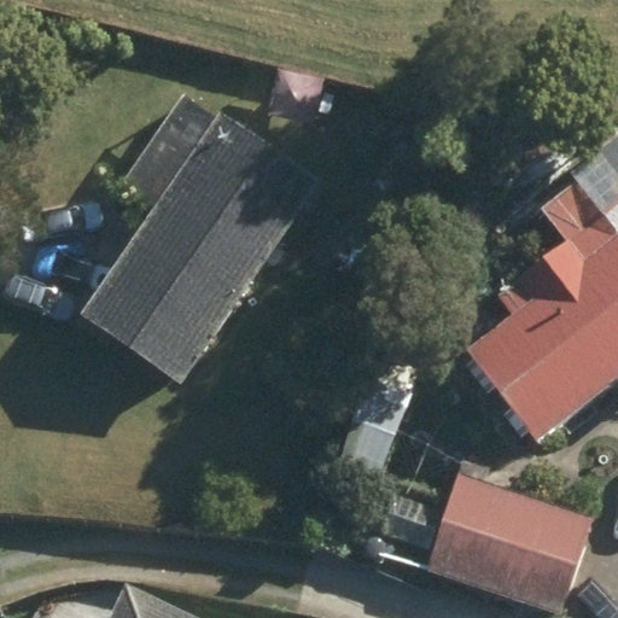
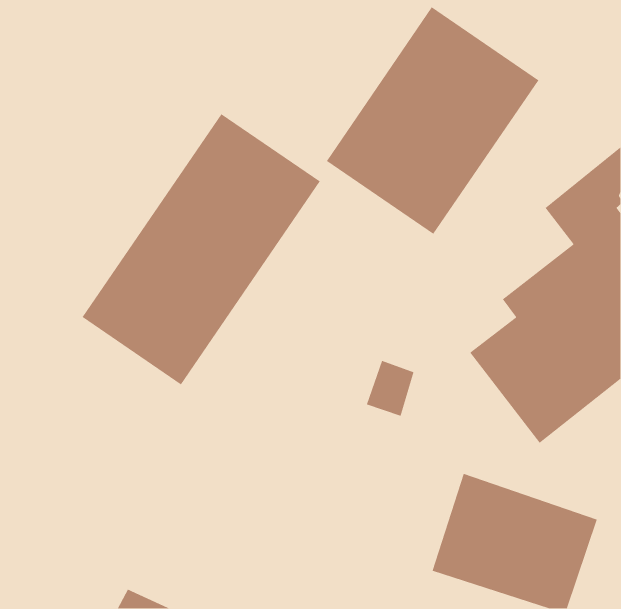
building: none -> [326,6,539,235]

